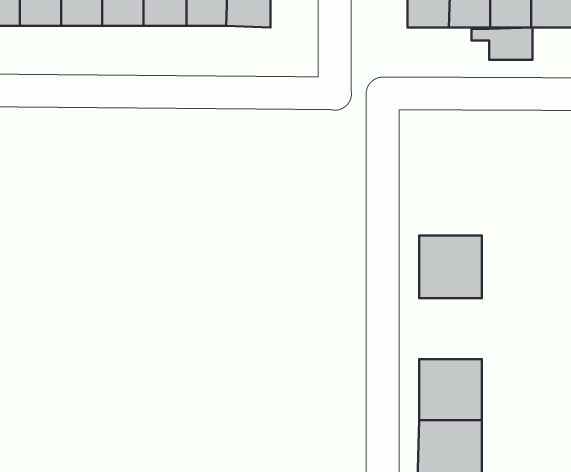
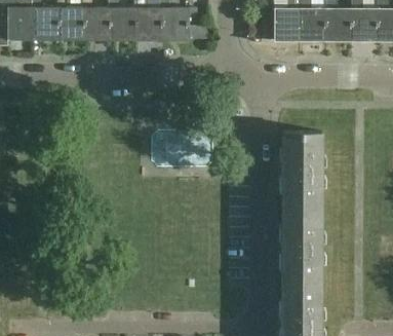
building: [472,28,532,60] -> none
building: none -> [281,130,320,170]
building: none -> [281,209,320,247]

